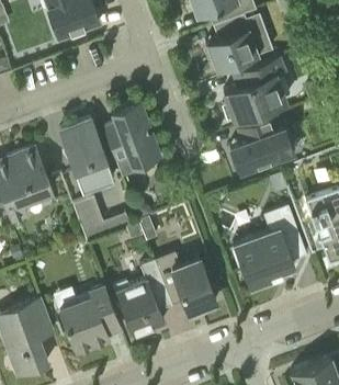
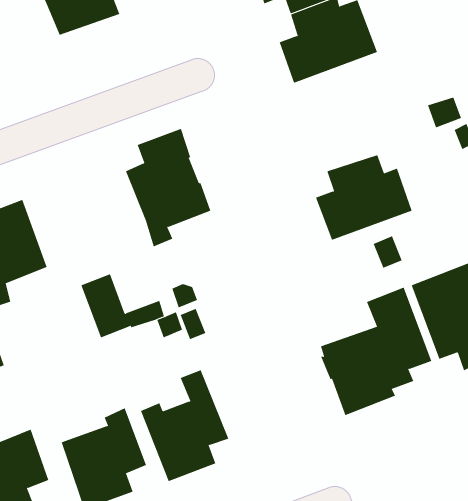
building: [223,57,285,121] -> none
building: [59,118,113,192] -> none
building: [154,252,216,314] -> none

